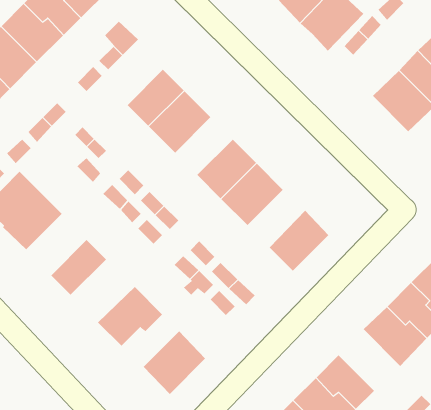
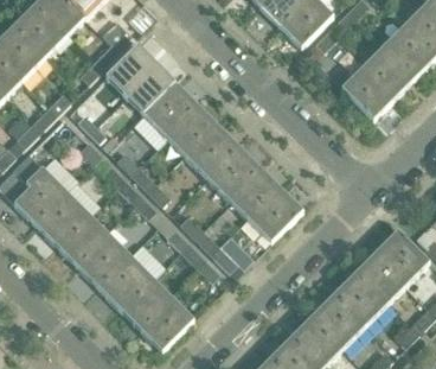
building: none -> [104,44,155,95]
building: none -> [166,106,217,157]
building: none -> [230,170,281,221]
building: none -> [34,191,88,246]
building: none -> [73,231,130,287]
building: none -> [118,280,169,326]
building: none -> [310,293,365,348]

